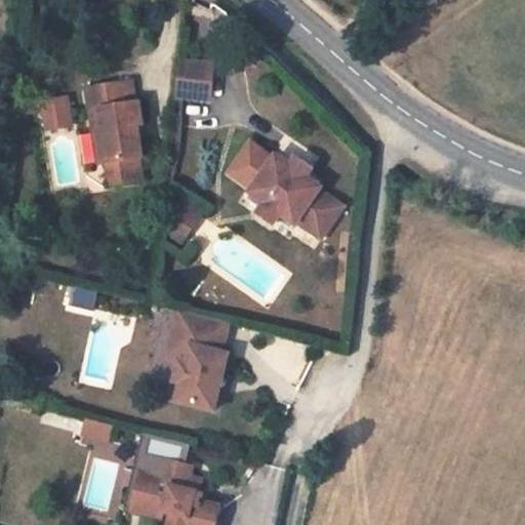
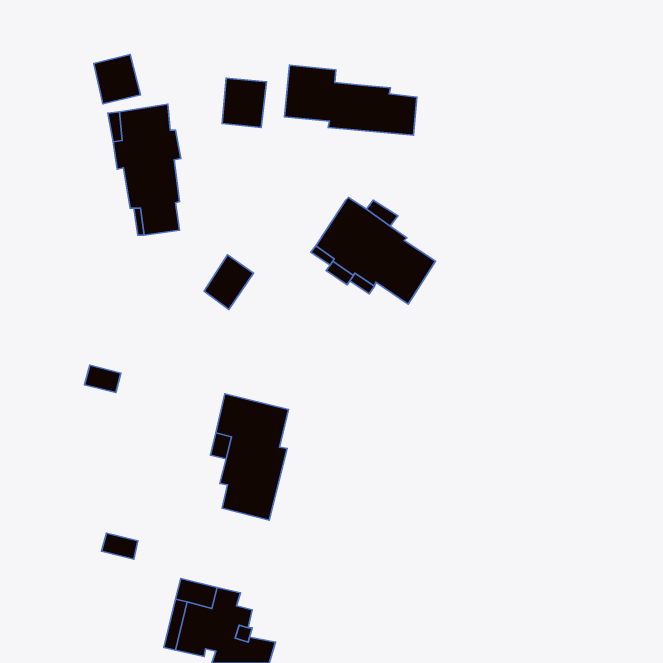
building: none -> [285,65,417,135]
building: [38,91,75,130] -> [94,55,141,104]
building: [228,142,273,191] -> none

